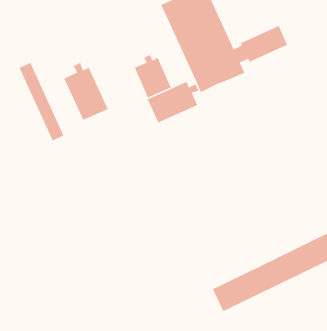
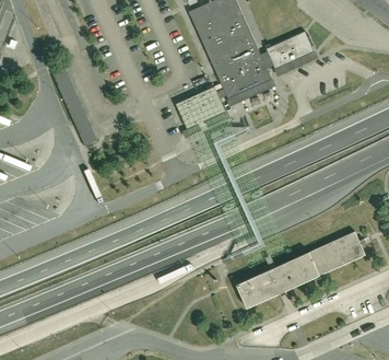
building: [134,54,172,98] -> none
building: [63,62,109,121] -> none

